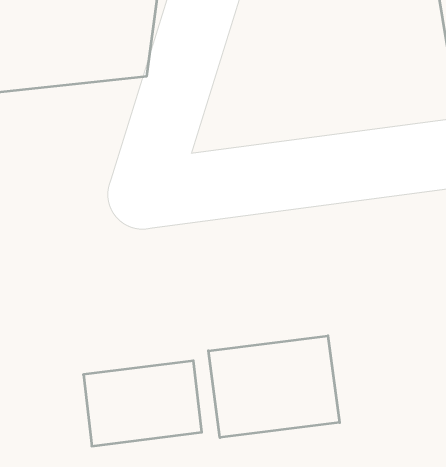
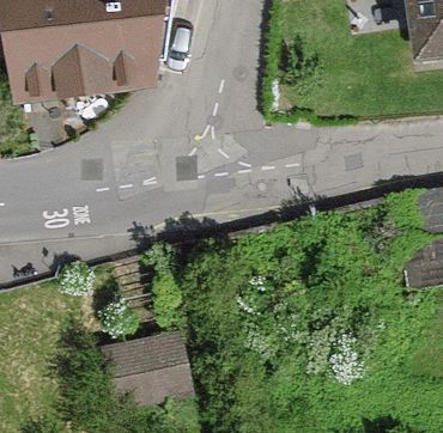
building: [208,336,340,438] -> none

